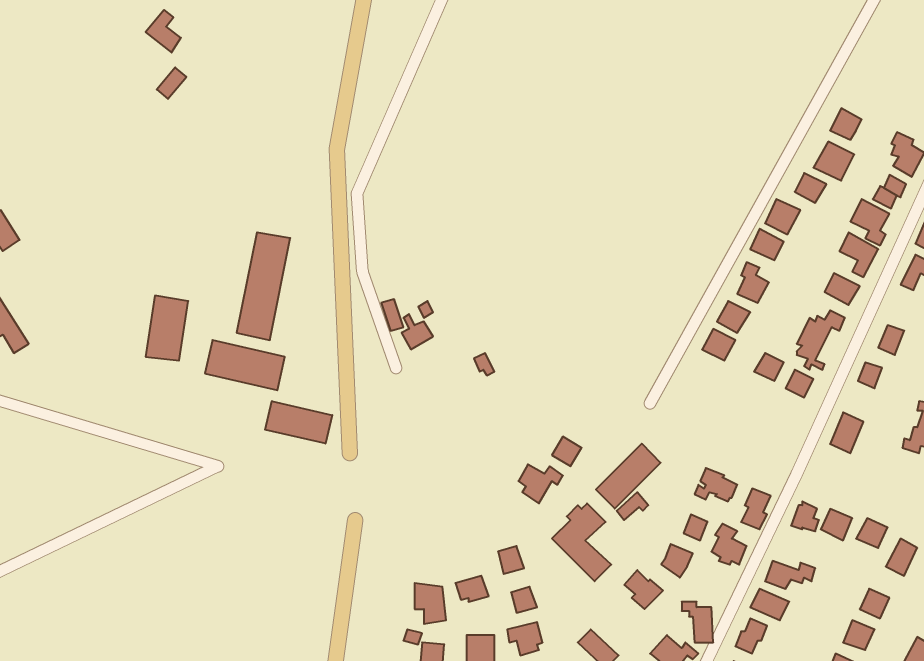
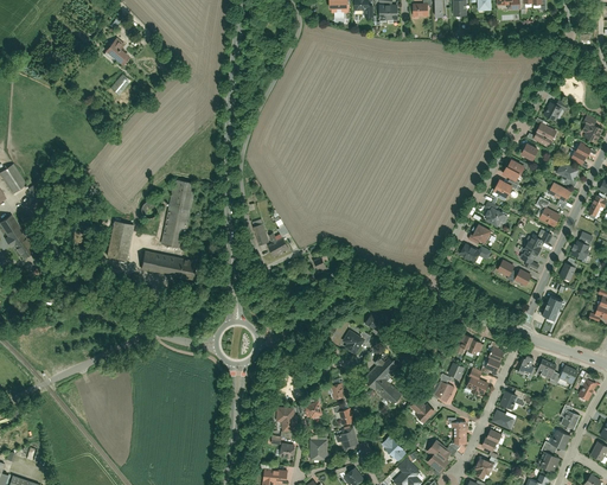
building: [265,401,332,444] -> none
building: [596,444,661,509] -> none

